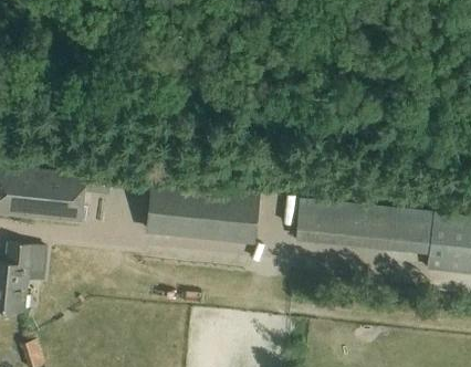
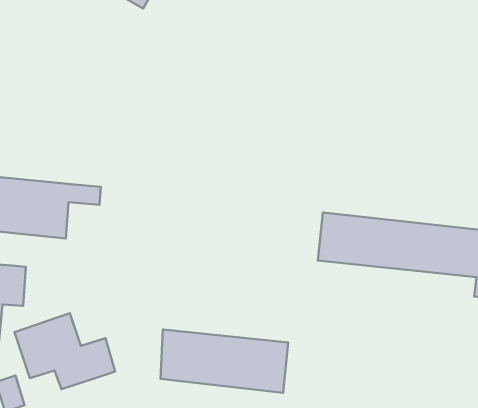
building: [148,188,258,242] -> [160,330,288,393]
building: none -> [15,313,115,389]

